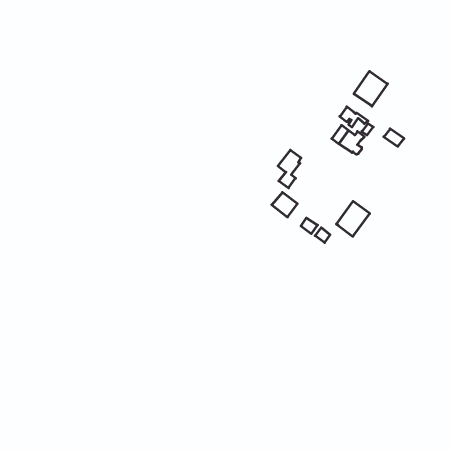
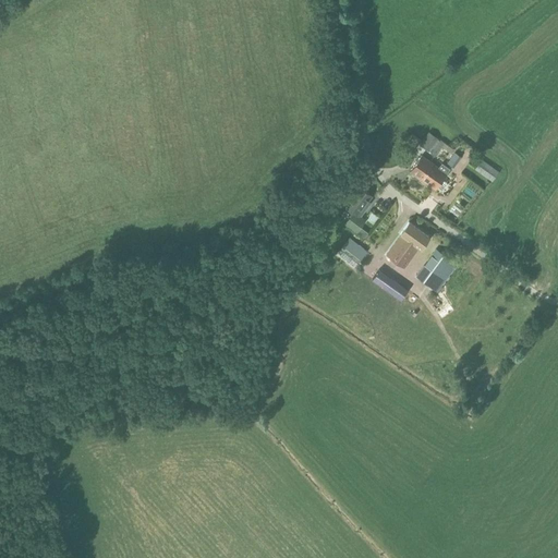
building: [354,71,388,106] -> none
building: none -> [387,222,429,268]

